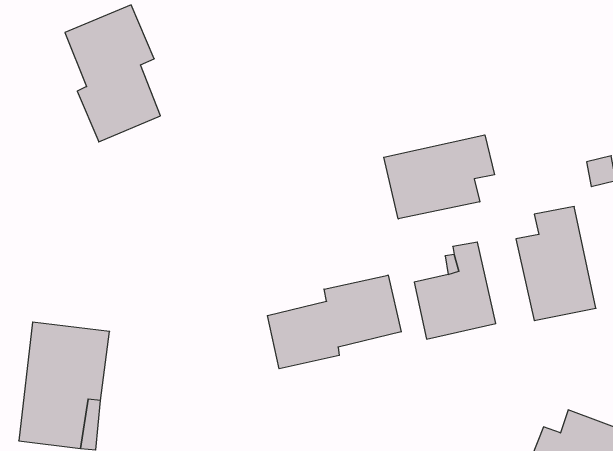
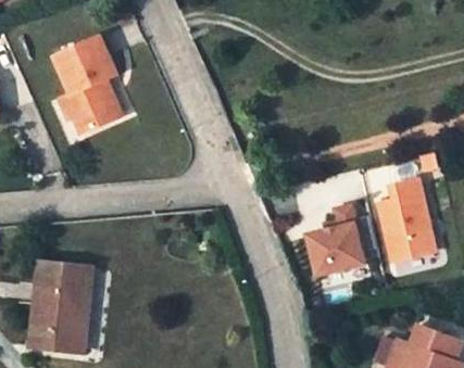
building: [384,135,494,219] -> none
building: [267,275,401,369] -> none

